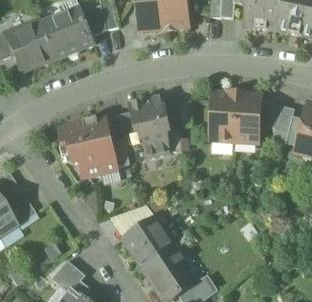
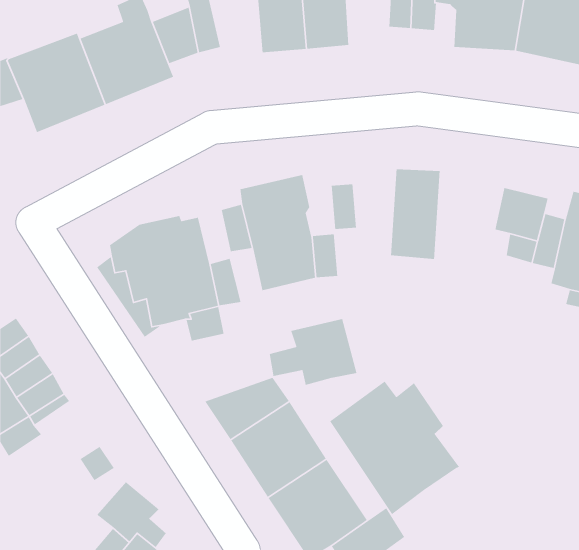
building: [234,93,261,143] -> none
building: none -> [269,318,358,386]
building: none -> [329,381,460,515]

